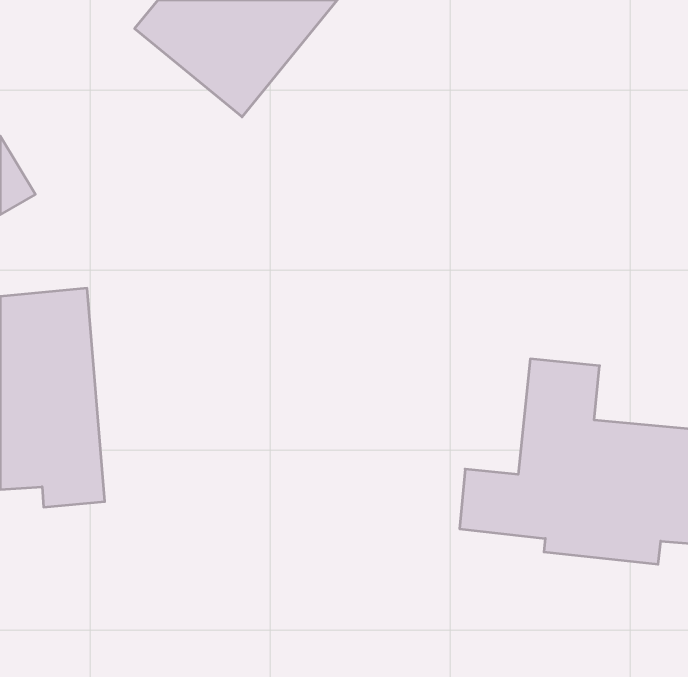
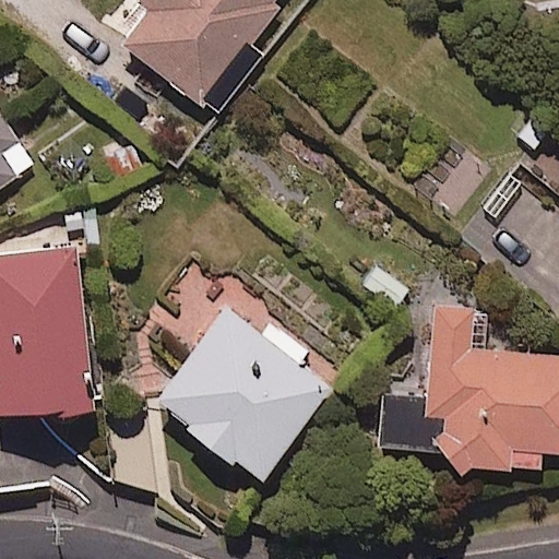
building: none -> [154,313,326,481]

